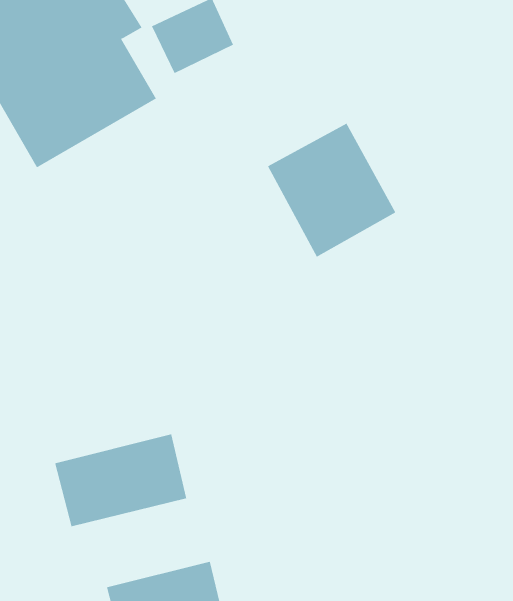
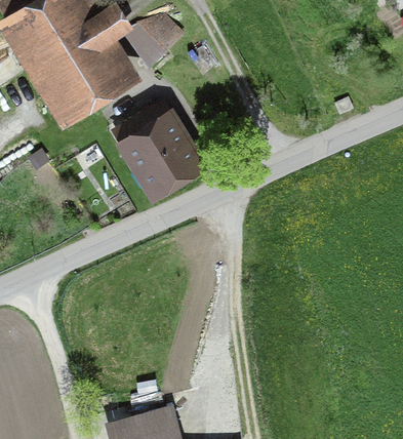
building: [267,123,396,258] -> [116,107,207,202]
building: [54,434,187,527] -> none

